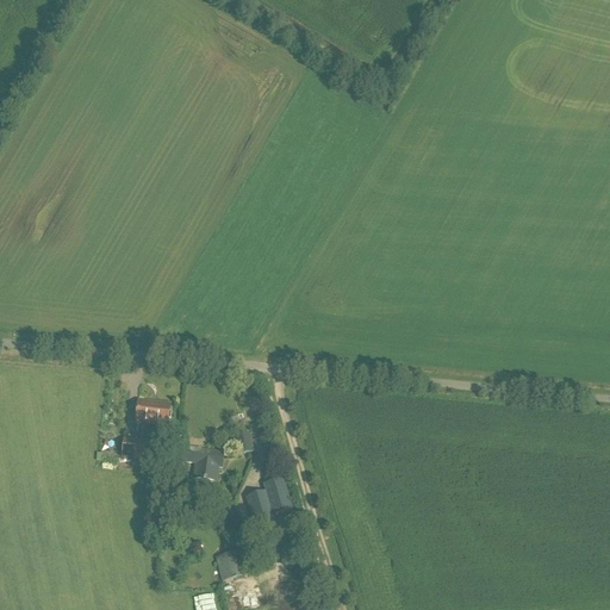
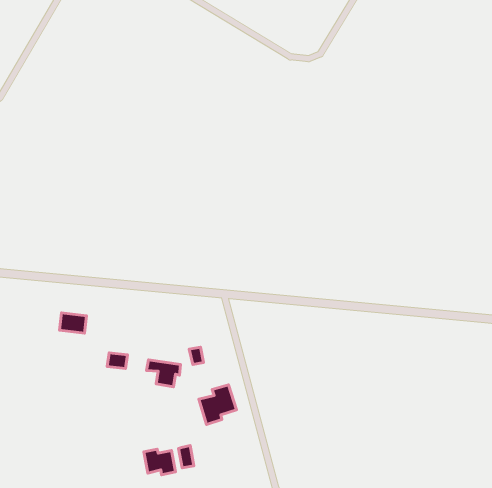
building: [136,397,169,422] -> [60,313,87,333]
building: none -> [144,449,175,475]

